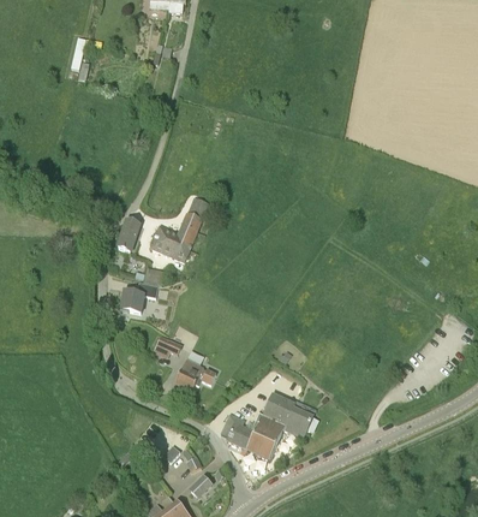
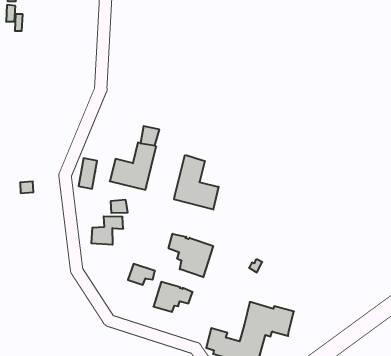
building: none -> [174,155,219,210]
building: none -> [169,234,213,277]

